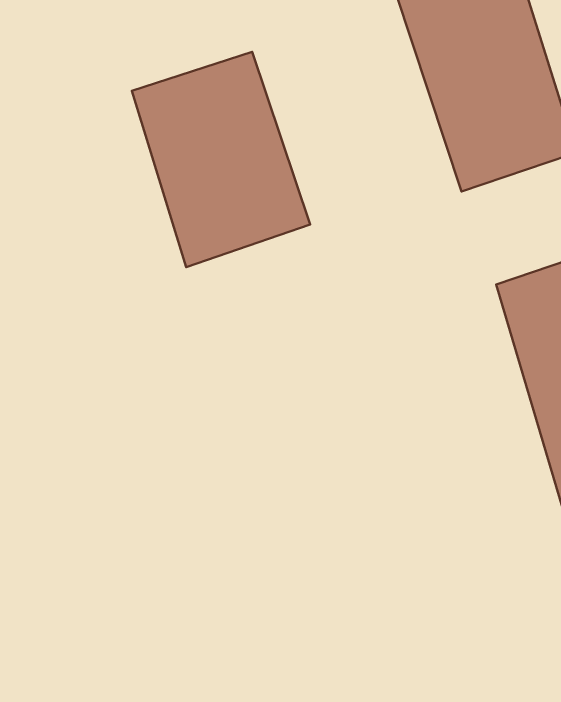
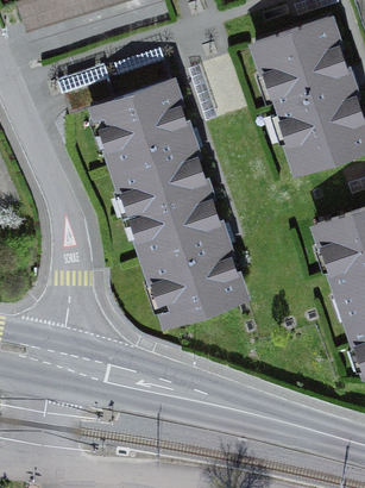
building: none -> [128,187,244,321]

